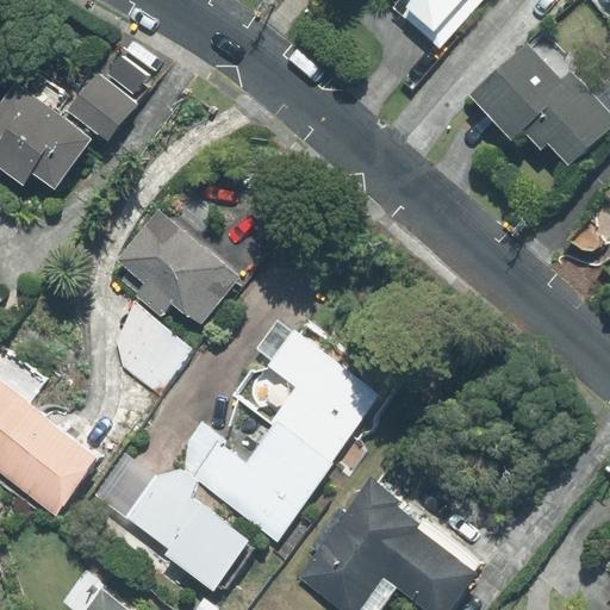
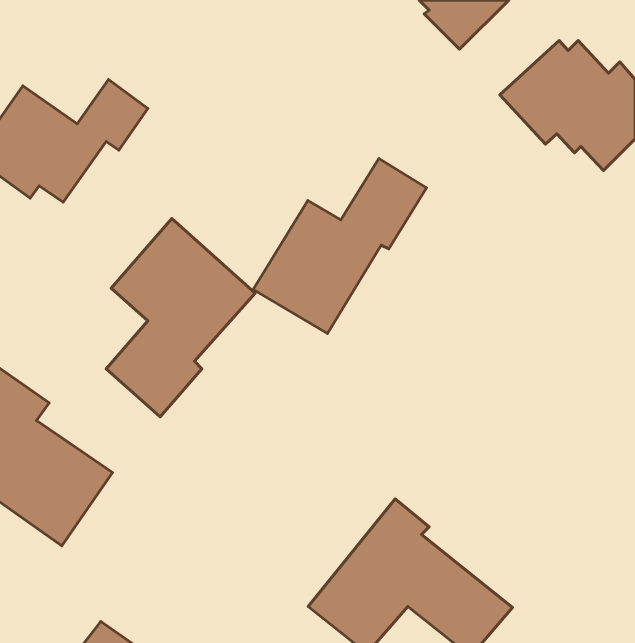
building: none -> [253,159,427,334]
building: [104,335,375,585] -> none

